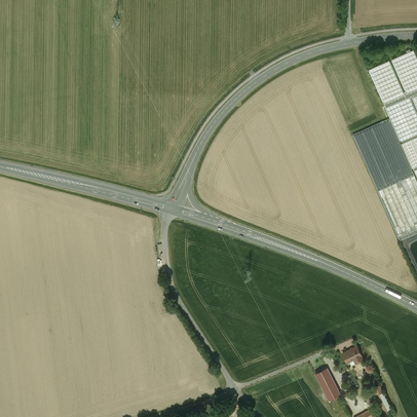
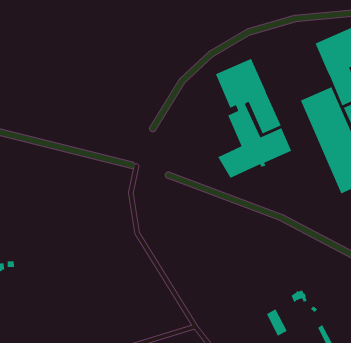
building: none -> [215,58,292,179]

